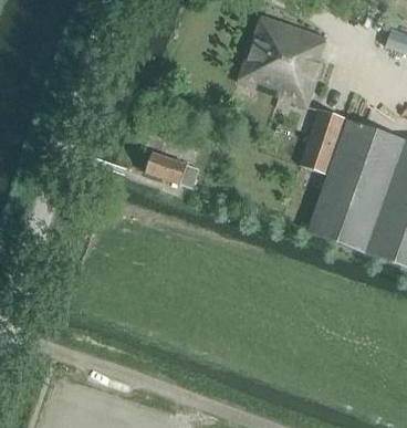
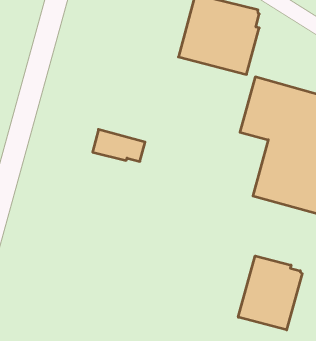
building: none -> [238,256,302,330]

